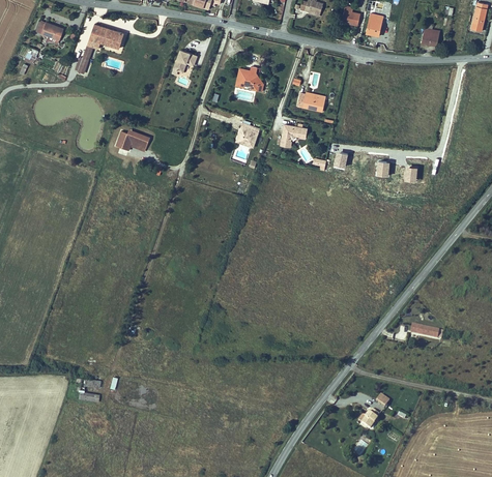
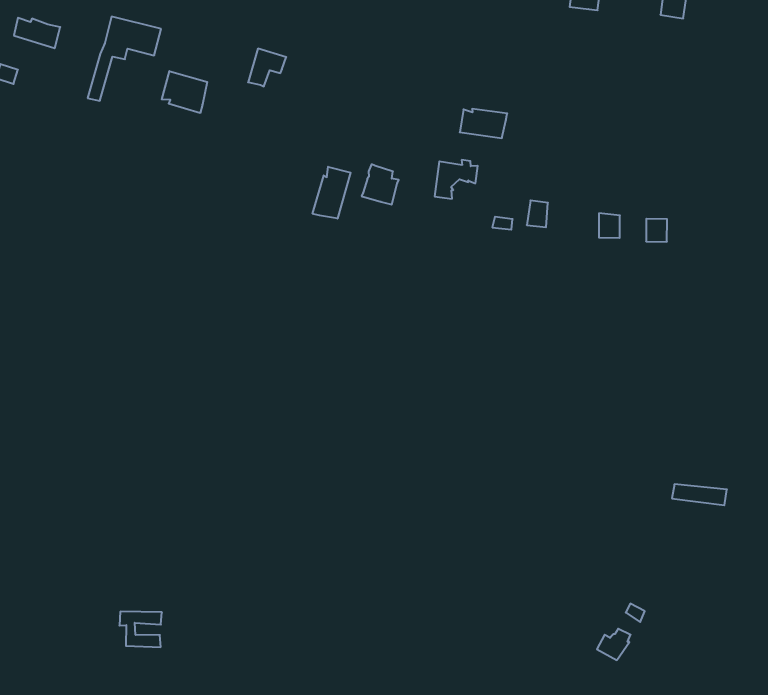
building: none -> [162,71,207,113]
building: [235,66,264,91] -> none
building: none -> [313,167,351,219]
building: [115,129,150,151] -> none

